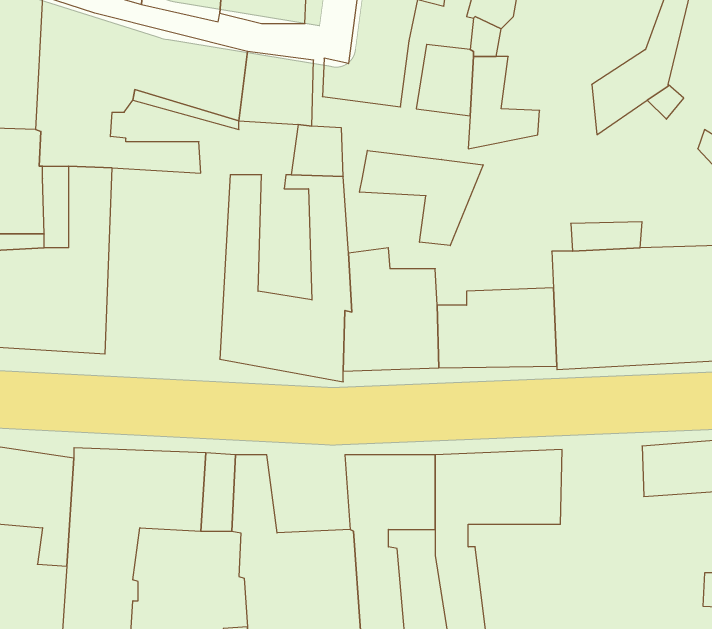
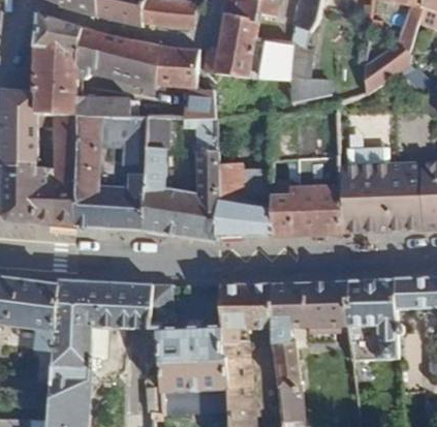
building: [360,150,483,246] -> none
building: none -> [74,114,149,227]
building: none -> [345,279,403,361]

